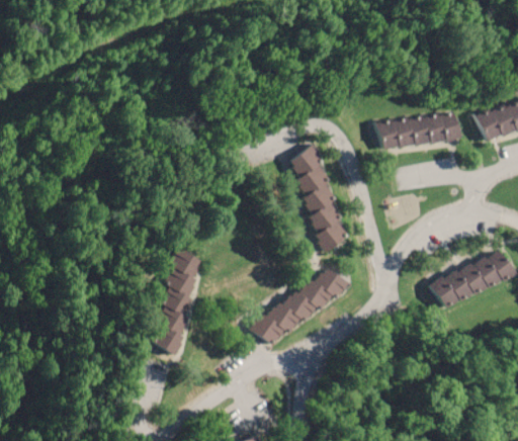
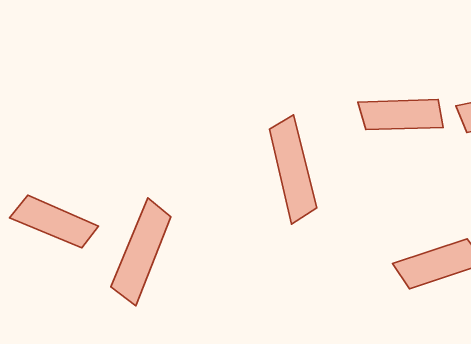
building: none -> [10,195,98,248]
building: [249,266,355,344] -> none

